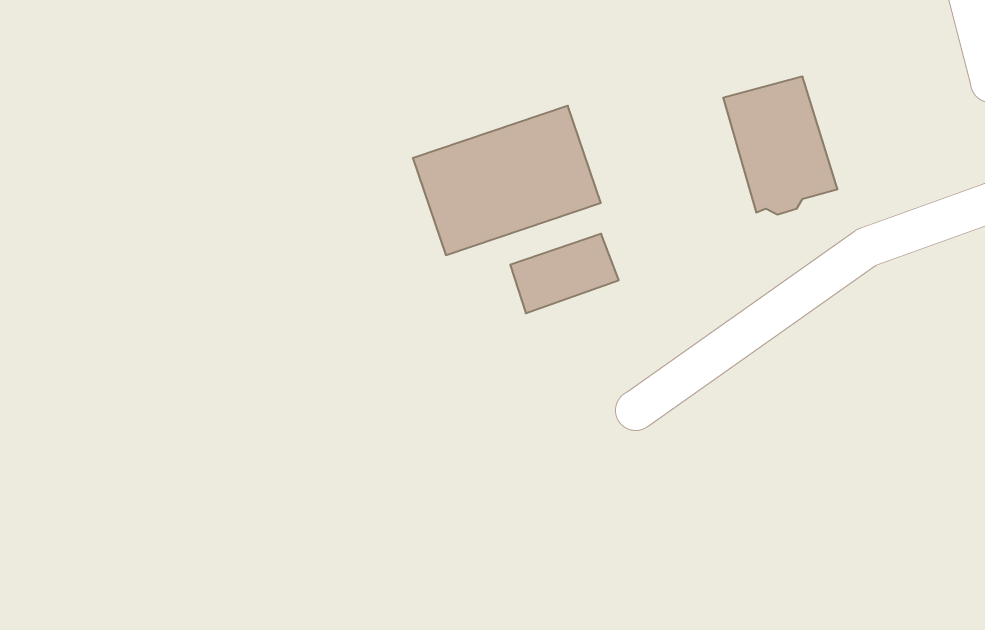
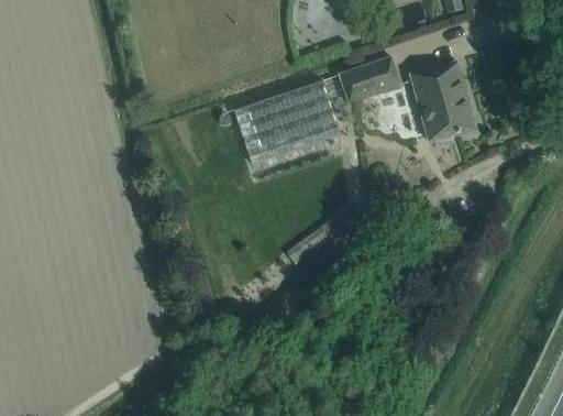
building: [510,234,619,313] -> [340,57,401,102]

